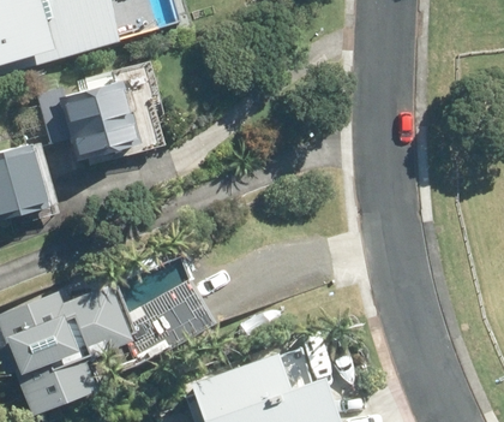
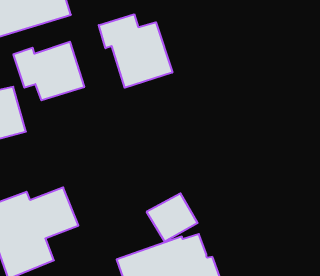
building: none -> [99,14,172,88]
building: [143,280,215,349] -> [147,193,198,242]

